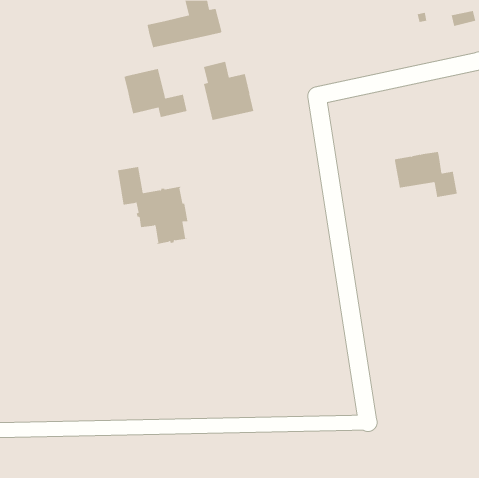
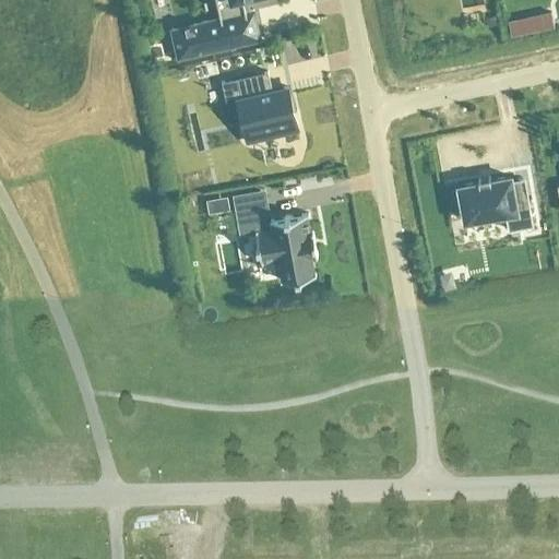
building: [124,68,187,118] -> none
building: [117,166,189,245] -> [233,192,316,283]

